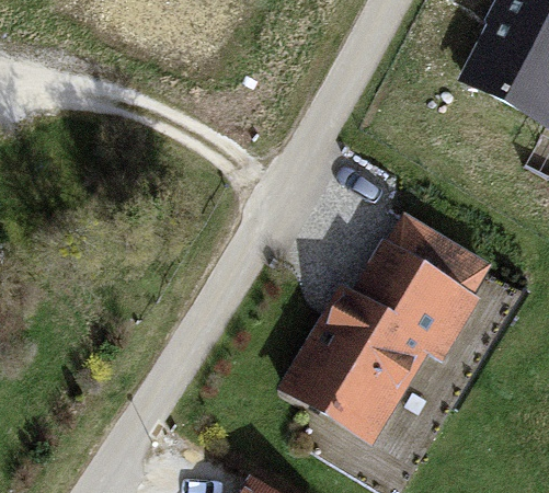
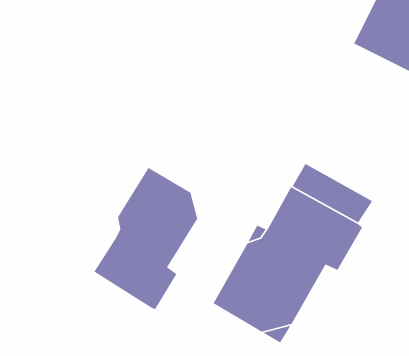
building: none -> [94,167,198,310]

